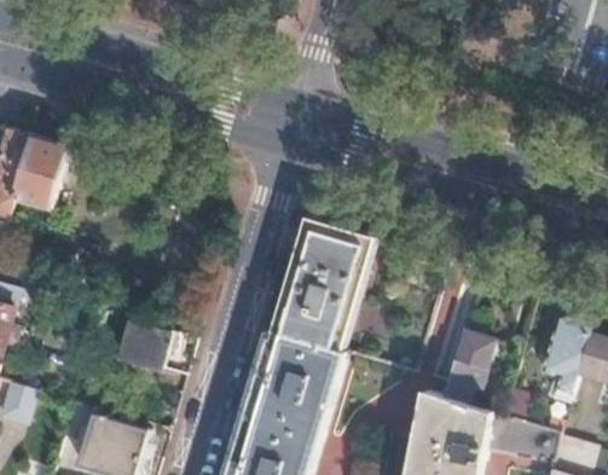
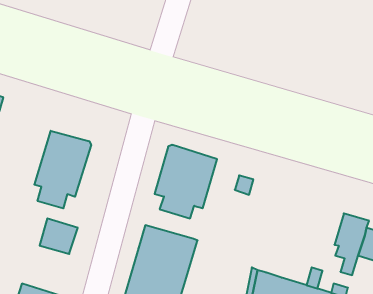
building: none -> [34,131,91,208]
building: [272,285,354,349] -> none
building: [445,330,494,405] -> none

